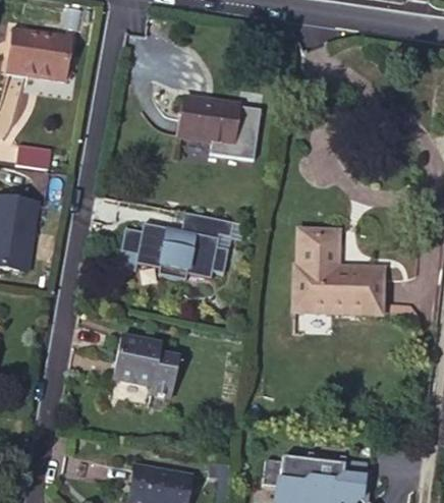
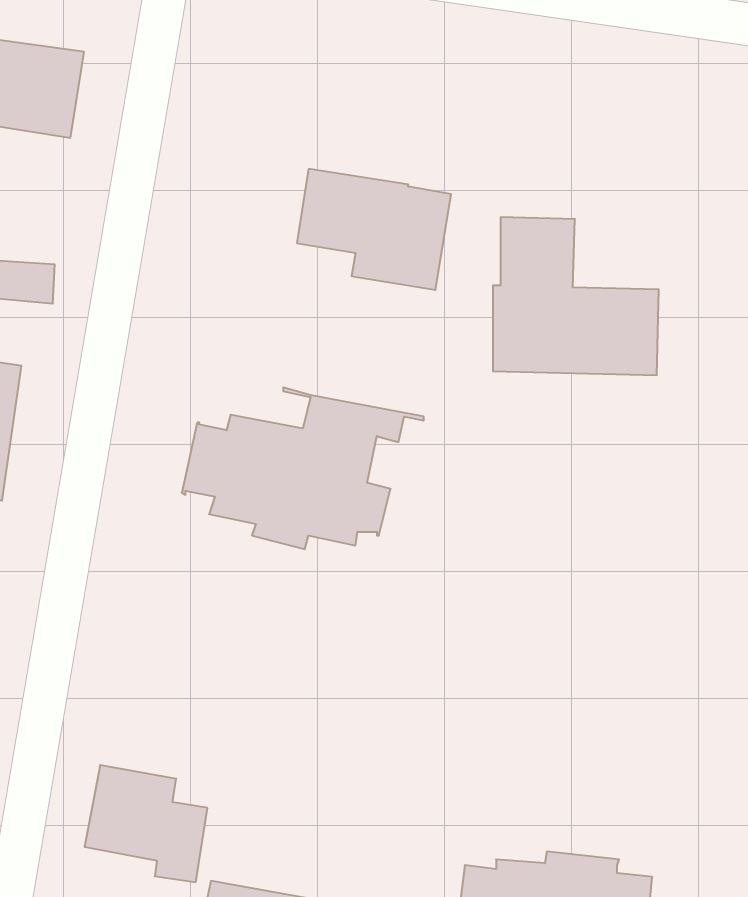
building: [296,229,383,312] -> [493,217,659,375]
building: [115,338,179,399] -> [85,765,207,882]

